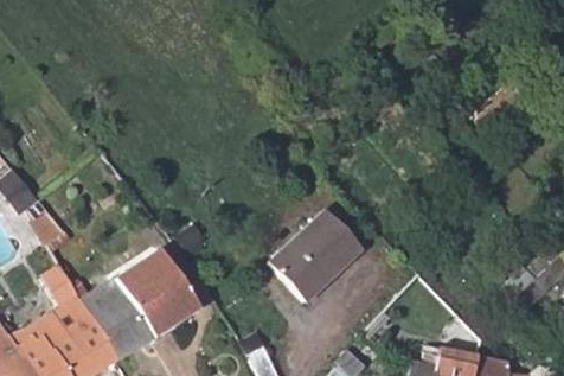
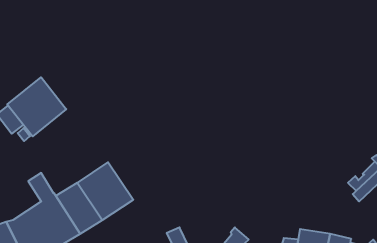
building: none -> [7,77,66,136]
building: [263,202,354,292] -> none

